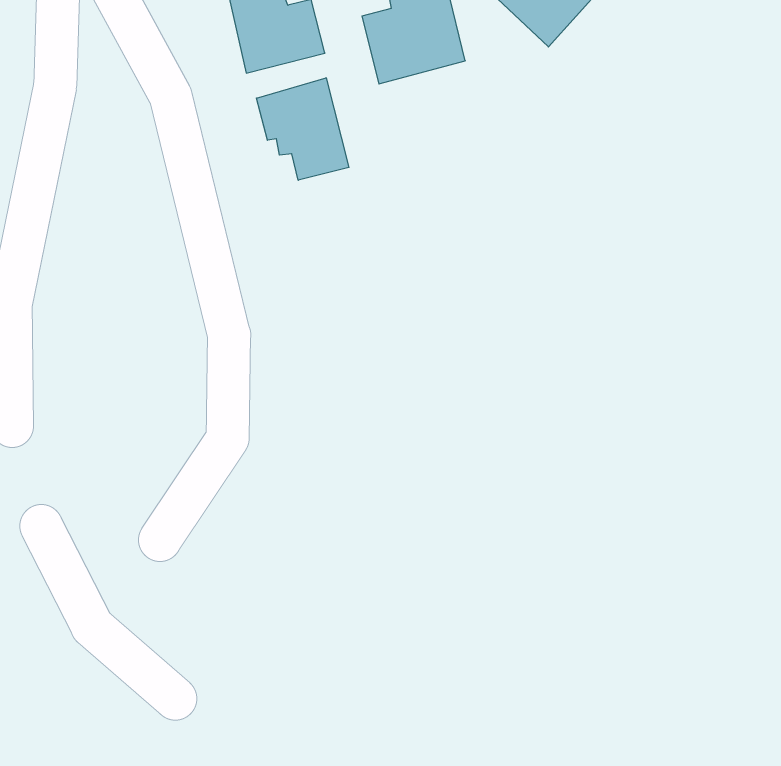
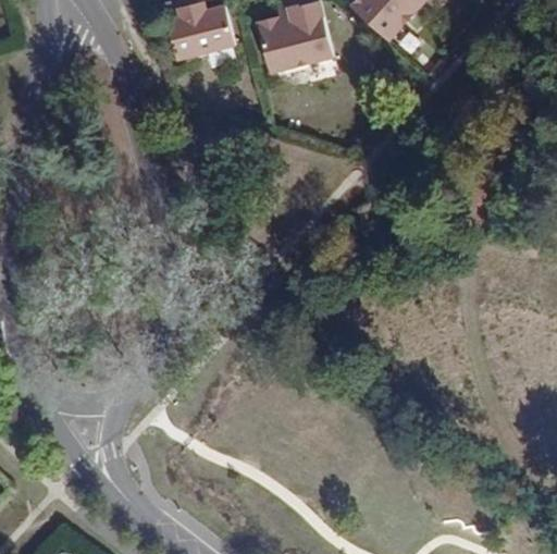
building: [256,78,349,180] -> none

